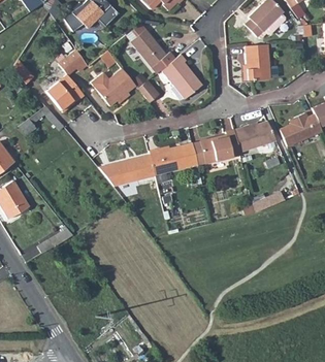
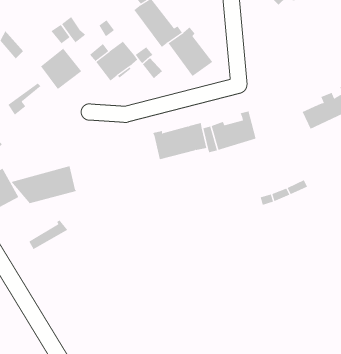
building: [245,45,271,79] -> none
building: [232,124,275,154] -> none
building: [95,152,154,186] -> [10,165,77,204]

